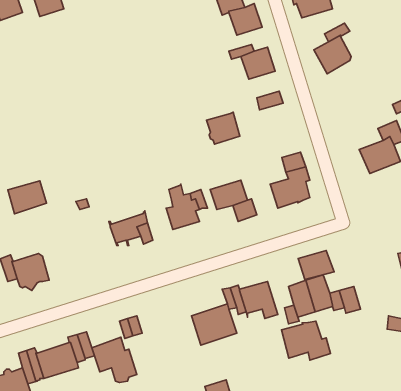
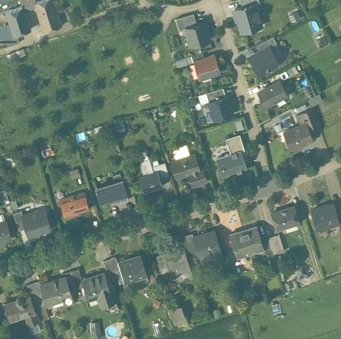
building: none -> [259,82,286,110]
building: [207,112,240,144] -> [208,97,233,121]
building: [8,181,46,214] -> [60,193,89,218]
building: [298,250,334,280] -> [272,208,299,230]
building: none -> [120,256,146,279]
building: [281,321,331,360] -> none

